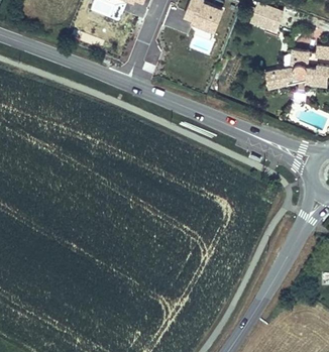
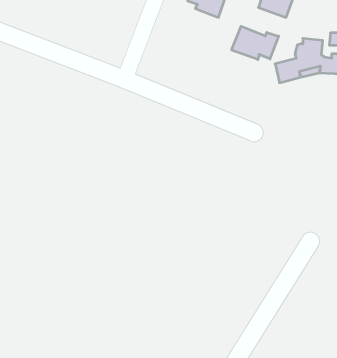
building: none -> [232,26,279,60]

